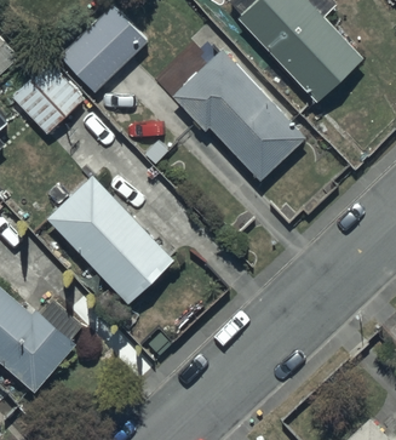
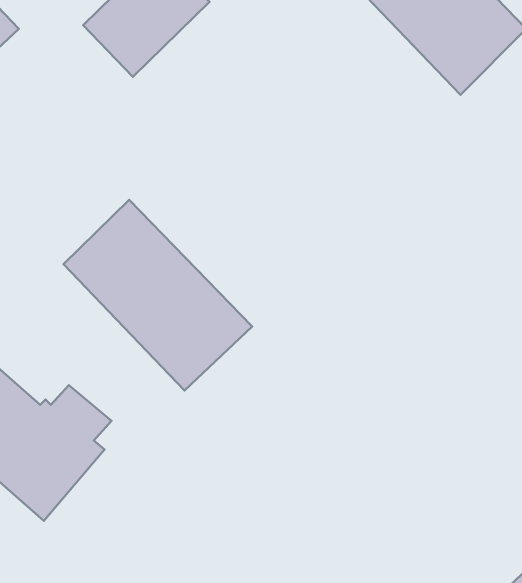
building: [172,51,304,181] -> none
building: [12,62,84,131] -> none

